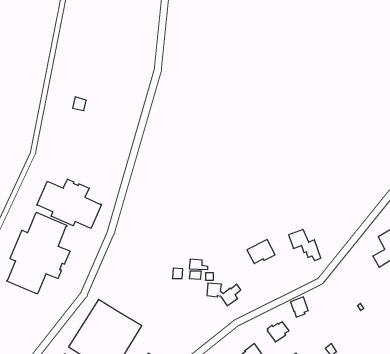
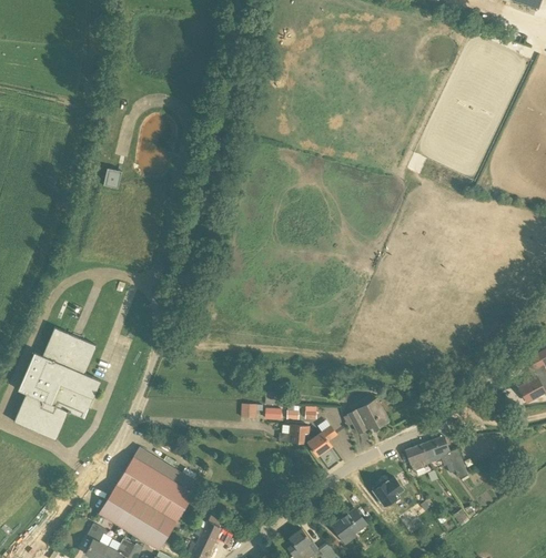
building: [37,179,101,228] -> none
building: [289,229,321,261] -> [423,436,467,479]
building: [247,239,275,264] -> [350,399,388,433]

